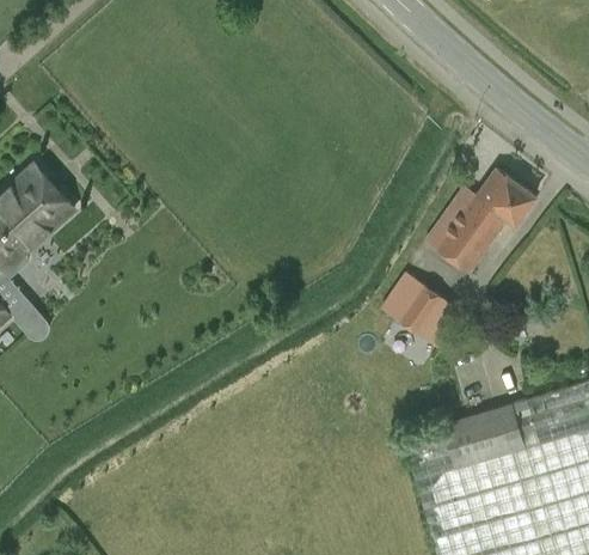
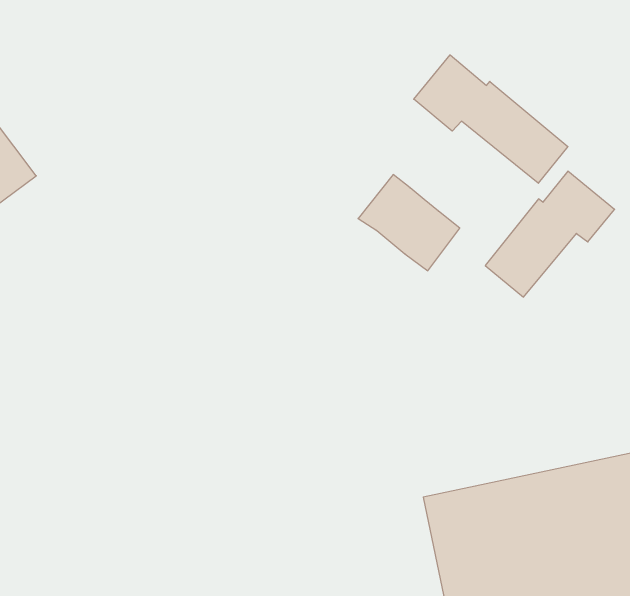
building: none -> [414,55,568,183]
building: [382,275,464,349] -> [358,175,460,271]

